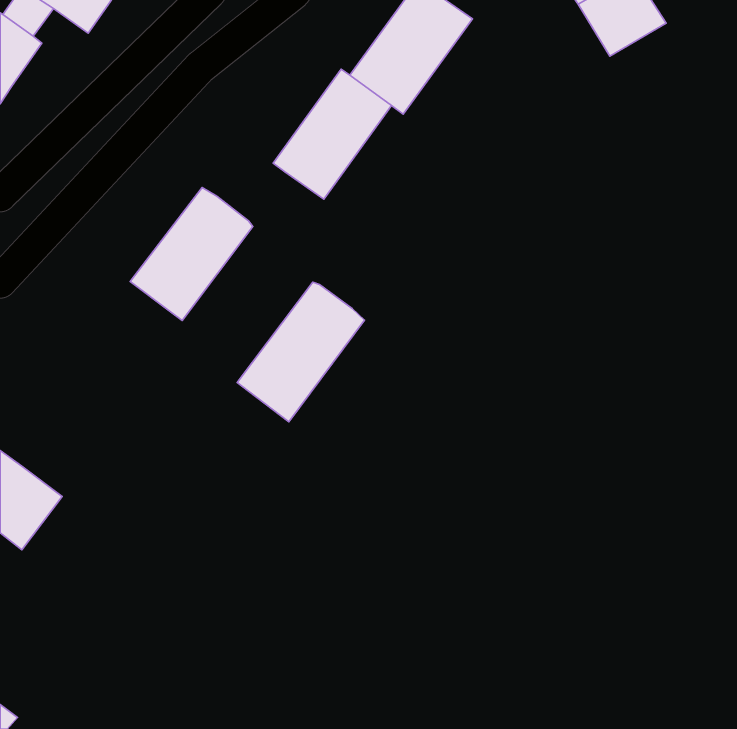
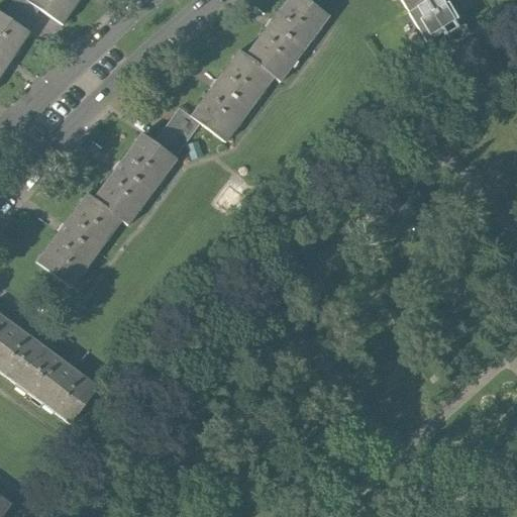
building: none -> [152,103,200,154]
building: none -> [34,193,120,288]
building: [237,282,364,422] -> none
building: none -> [16,347,98,424]

